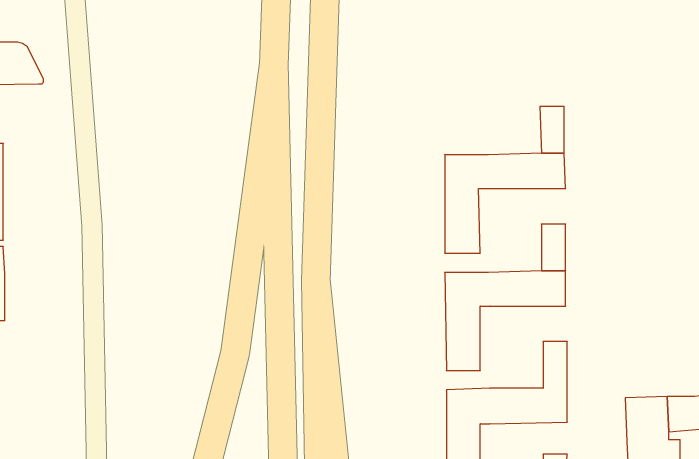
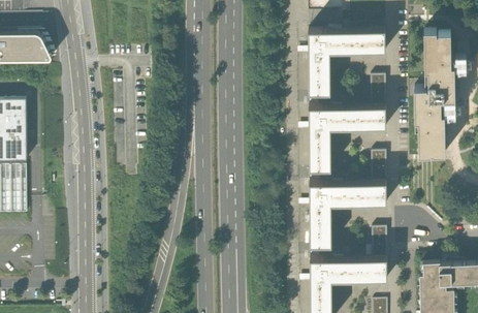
building: none -> [307,31,384,95]
building: none -> [413,31,458,155]

